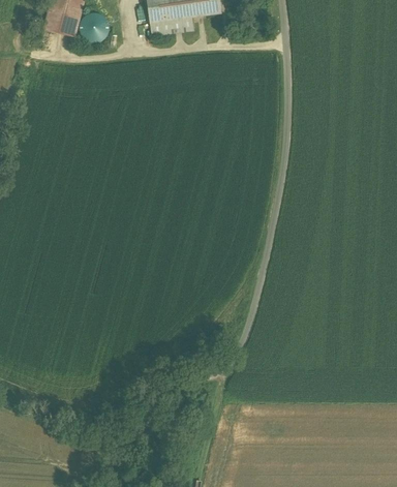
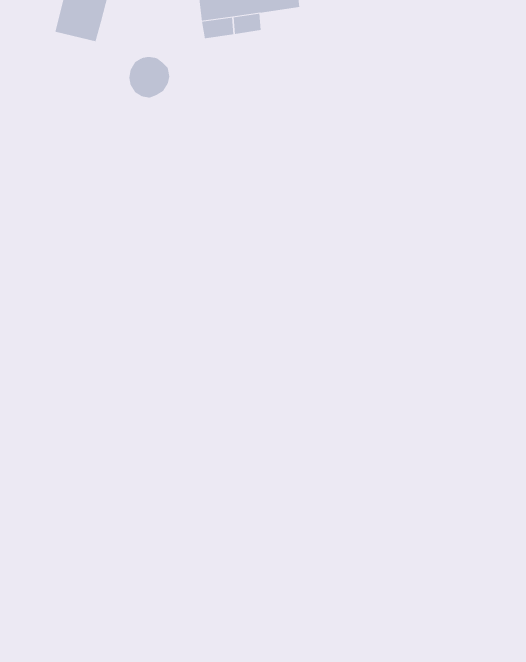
building: [79,10,109,40] -> [128,56,170,98]

